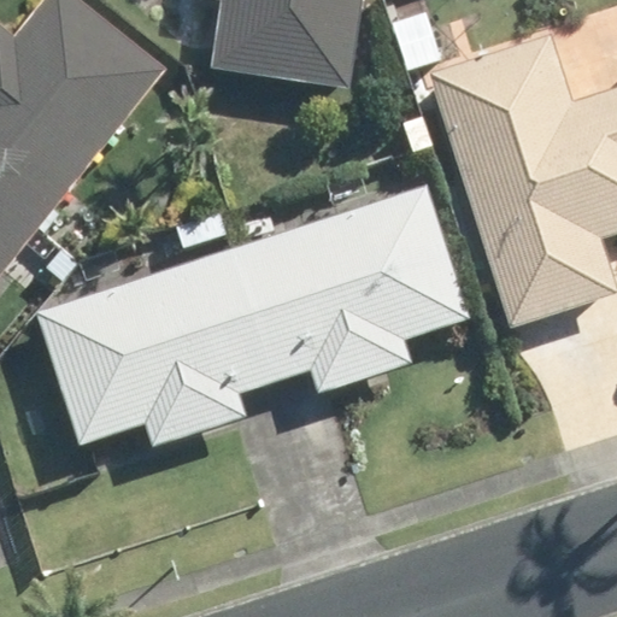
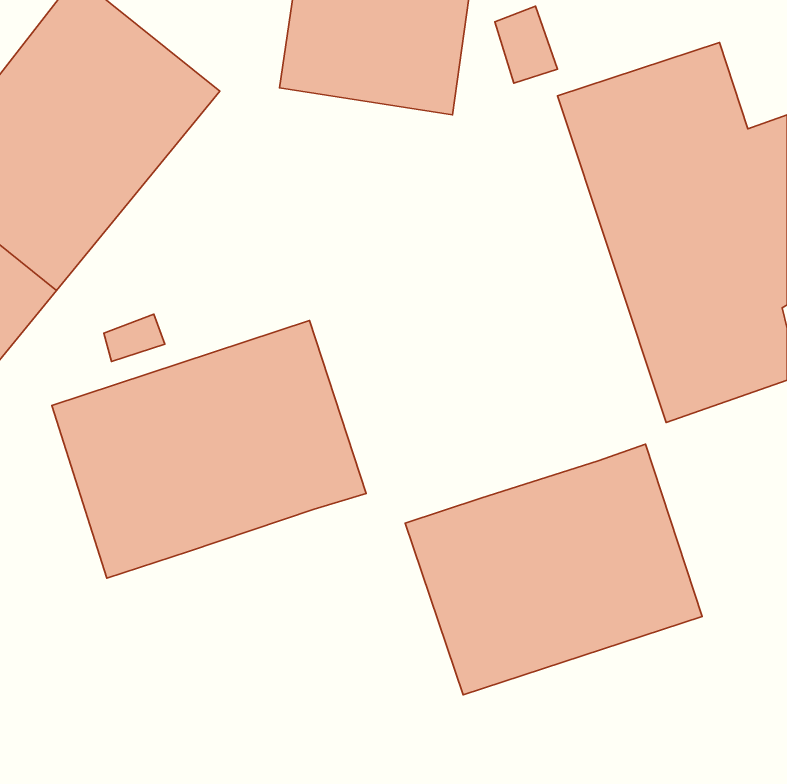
building: [237,183,472,378] -> none
building: none -> [405,444,702,695]

